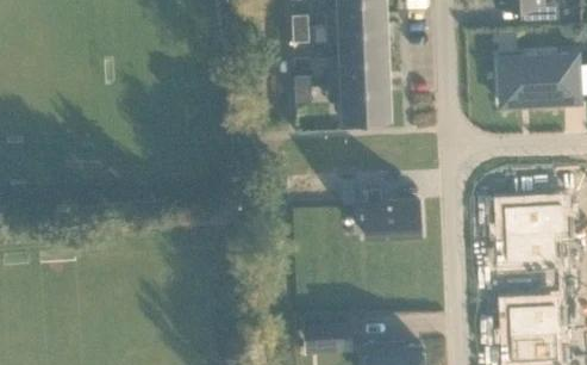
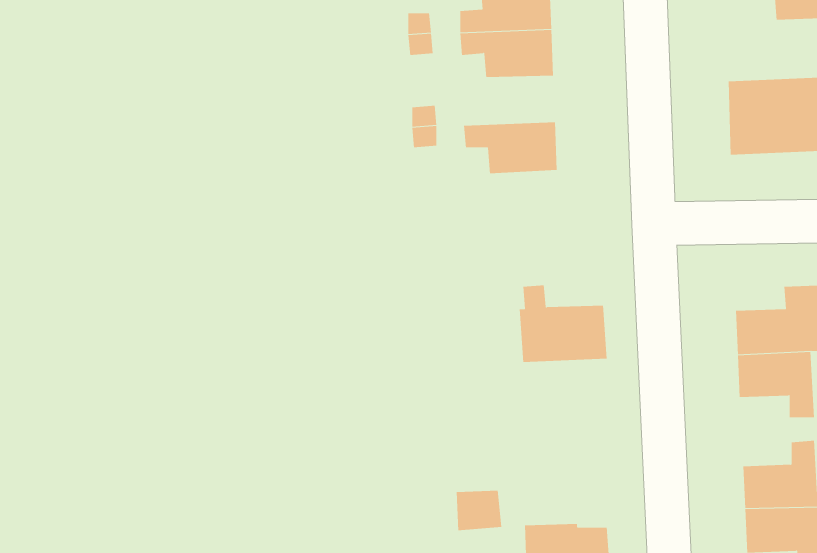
building: [329,56,388,88] -> none

